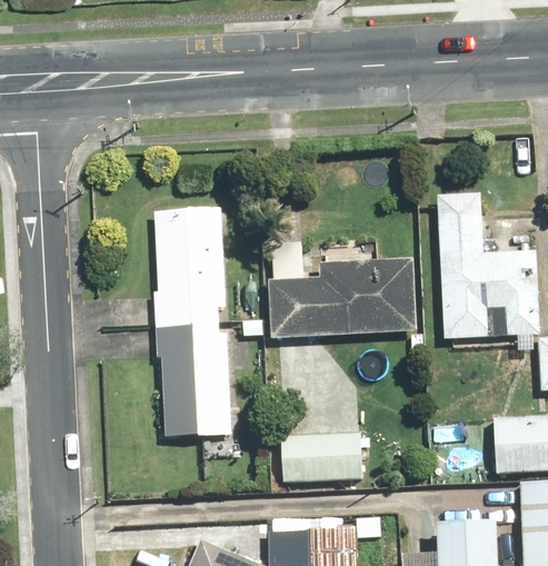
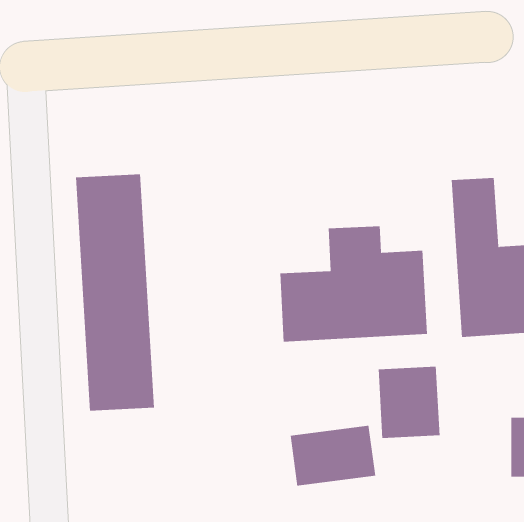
building: [153,207,230,436] -> [75,174,155,411]
building: none -> [378,366,440,439]

